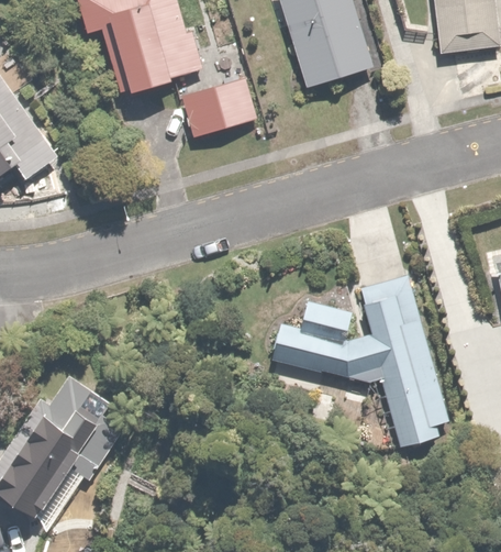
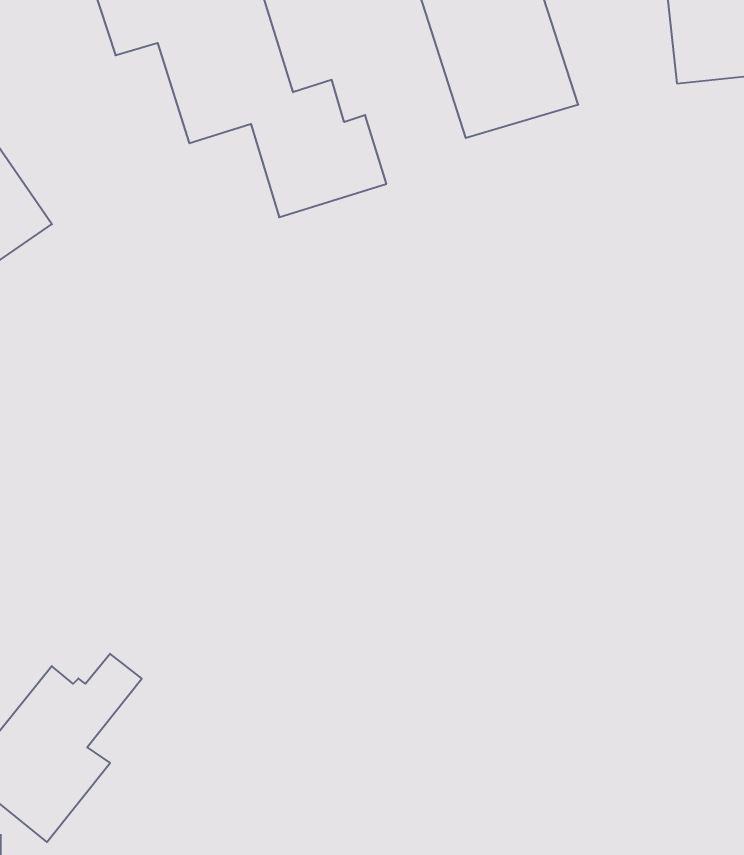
building: [274,273,447,446] -> none

